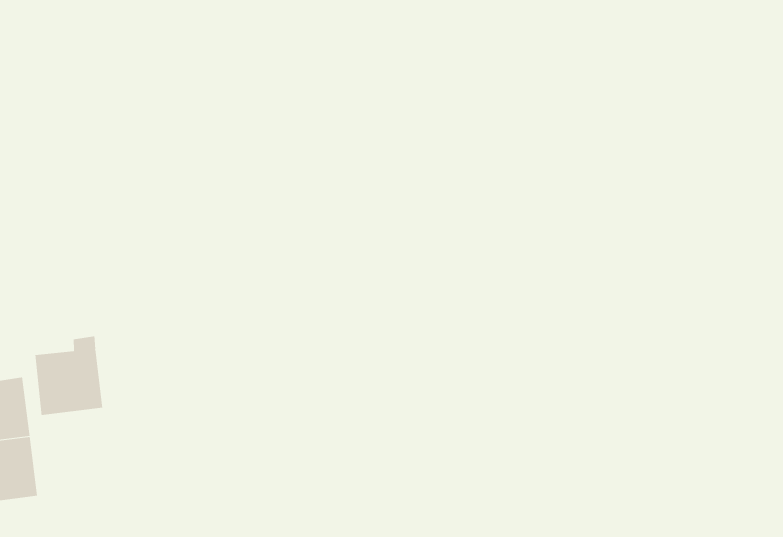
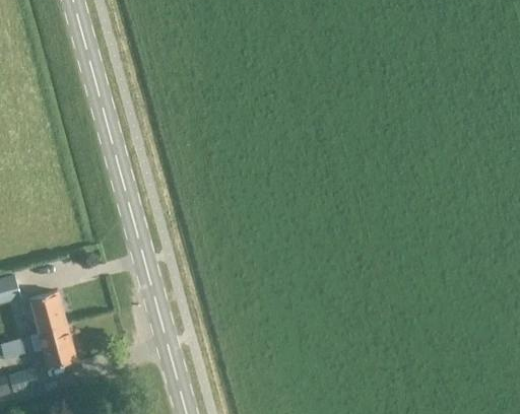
building: [35,336,103,416] -> none

